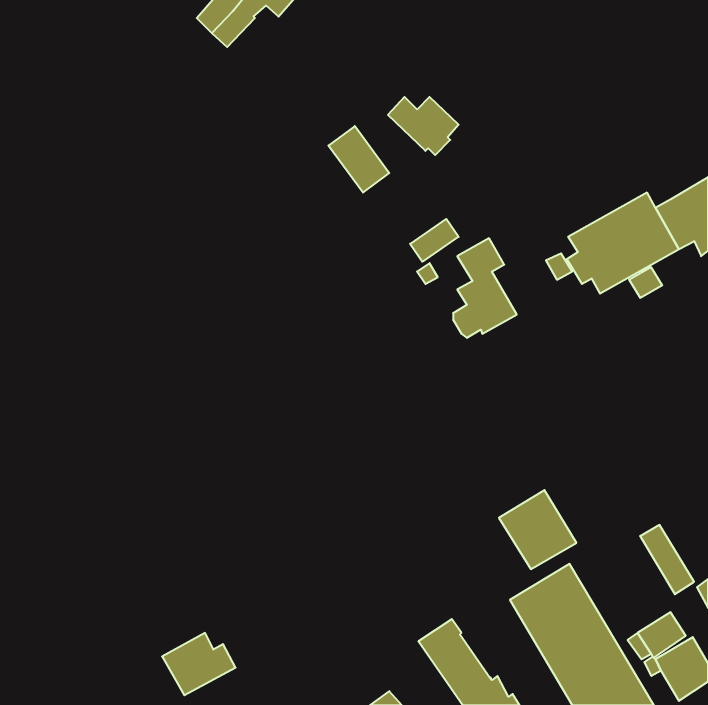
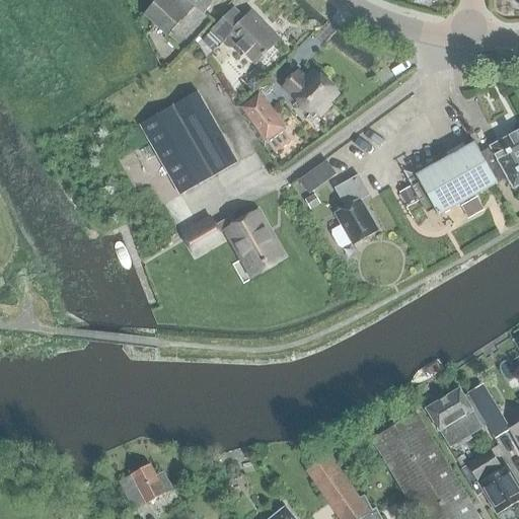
building: none -> [198,7,278,63]
building: none -> [140,90,237,194]
building: none -> [182,211,281,271]
building: [499,490,576,569] -> [426,388,483,446]

